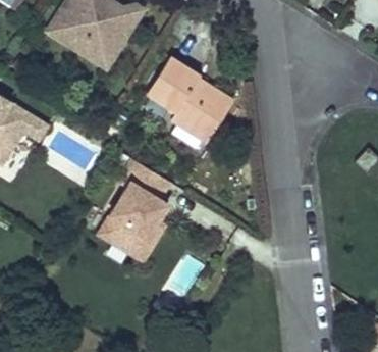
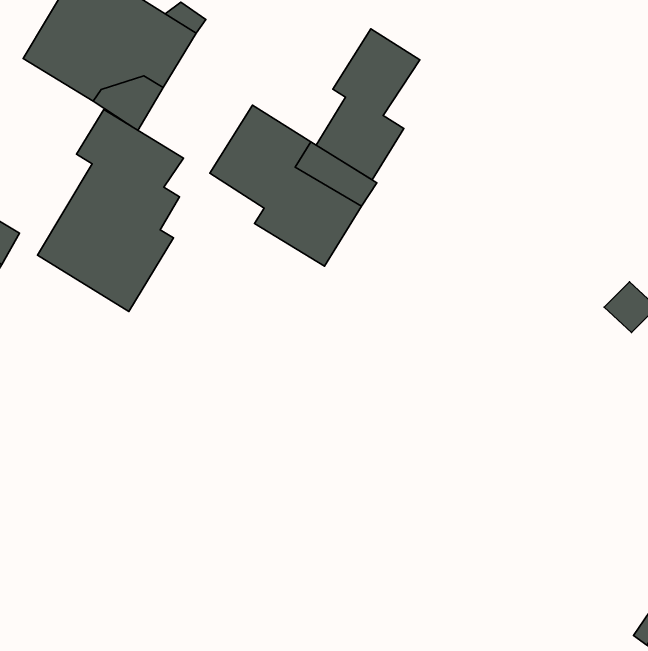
building: none -> [316,29,420,180]
building: [96,158,172,264] -> [38,109,183,311]

